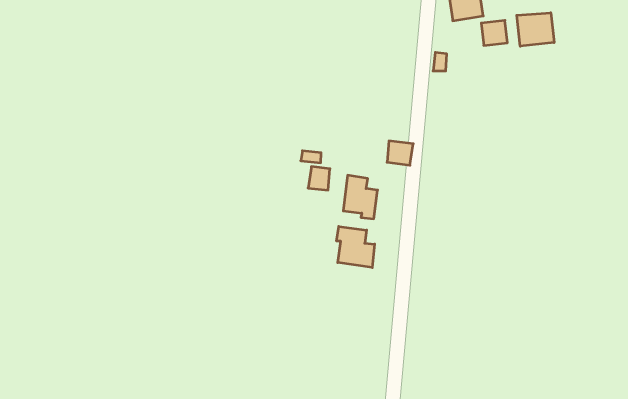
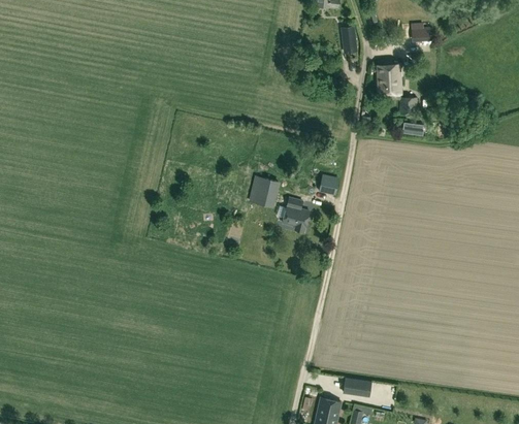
building: [517,13,554,46] -> none
building: [337,226,375,268] -> none

